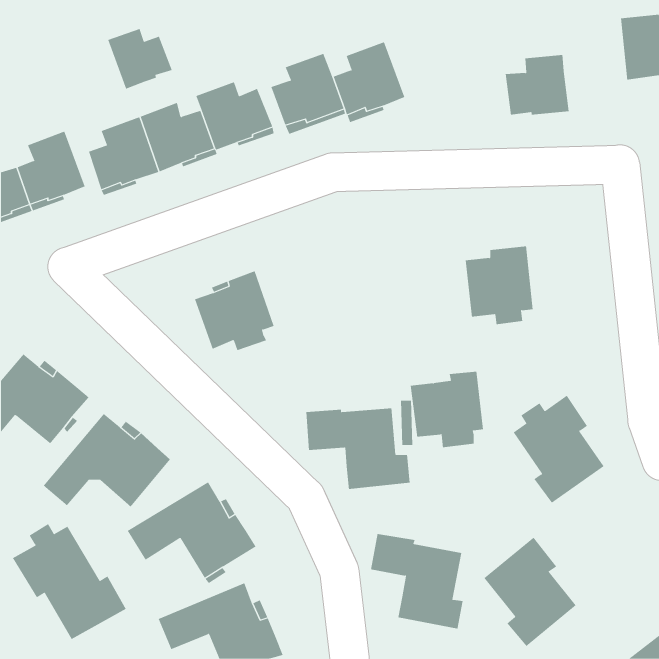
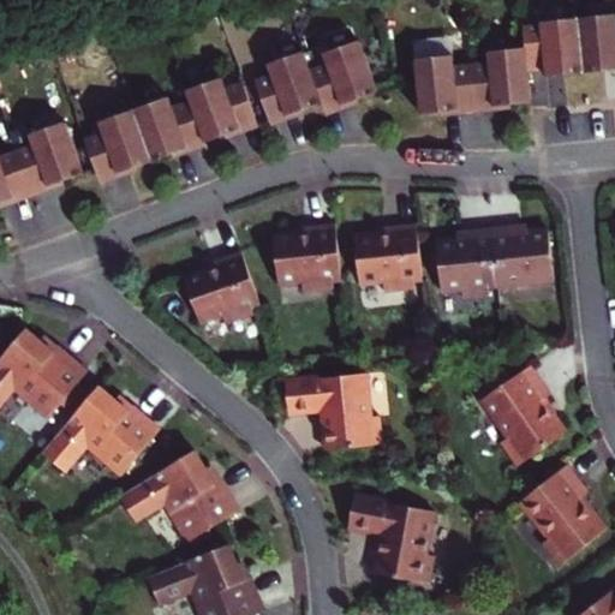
building: none -> [523,17,584,78]
building: [107,28,172,90] -> none
building: none -> [414,58,476,115]
building: none -> [270,222,339,293]
building: none -> [491,225,553,287]
building: [410,371,484,448] -> [352,225,420,295]
building: [12,523,126,640] -> none
building: [483,537,577,647] -> [518,466,604,568]

